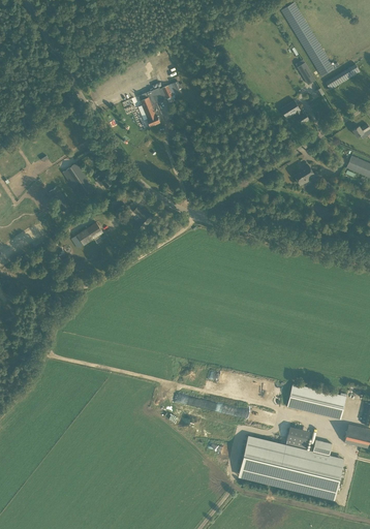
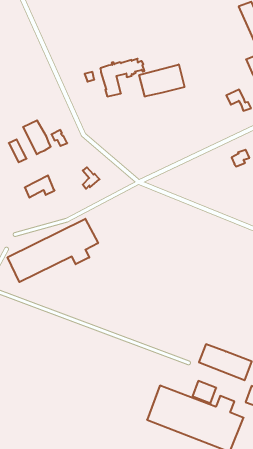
building: none -> [139,64,184,97]
building: none -> [8,219,98,282]

